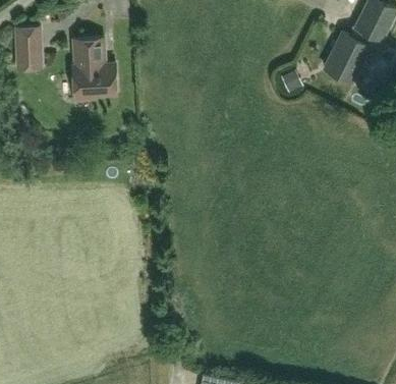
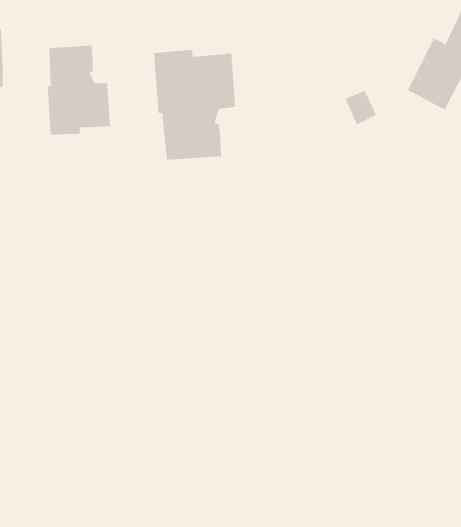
building: none -> [154,49,235,160]

